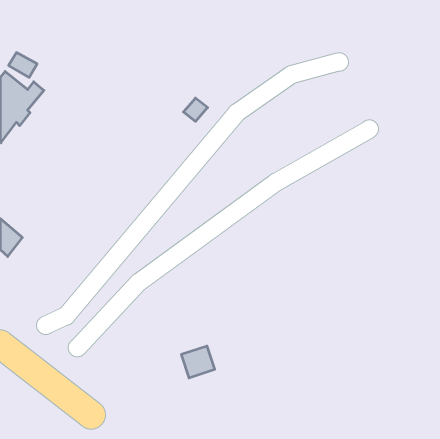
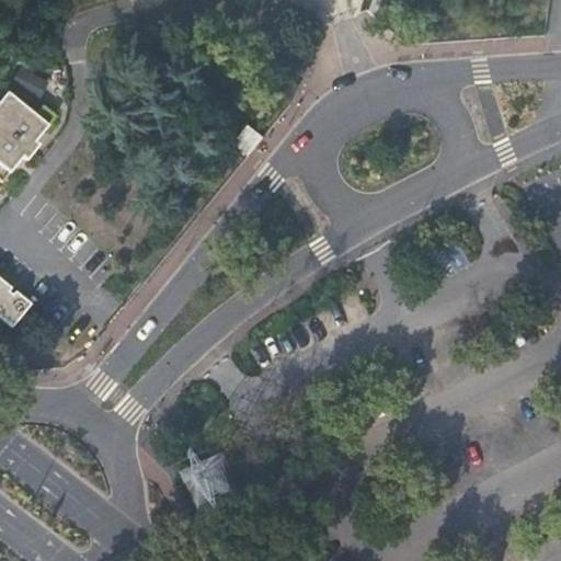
building: [181,346,215,378] -> [185,455,228,495]

